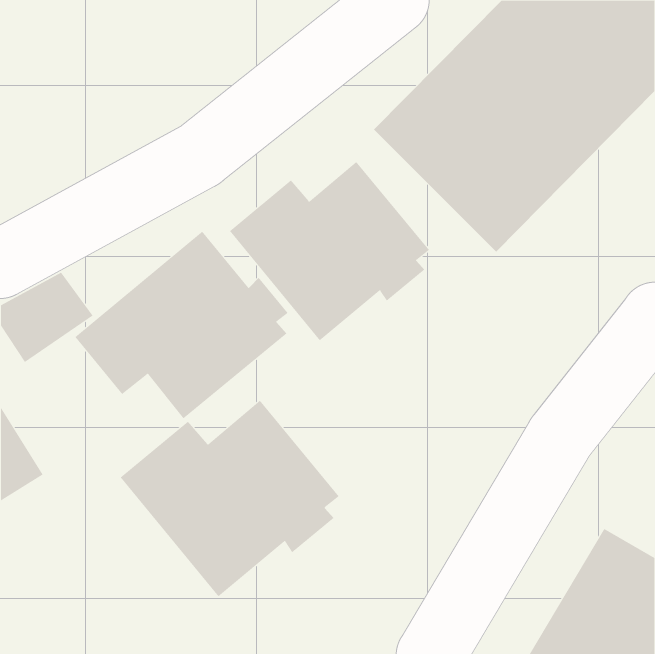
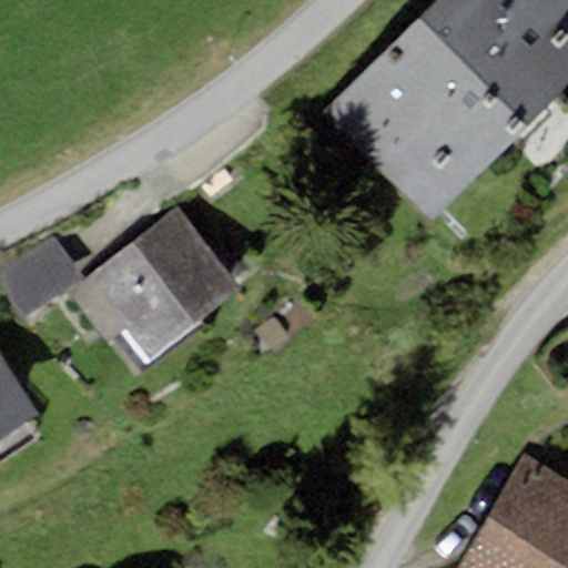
building: [229,161,430,341] -> none
building: [120,400,340,597] -> none

